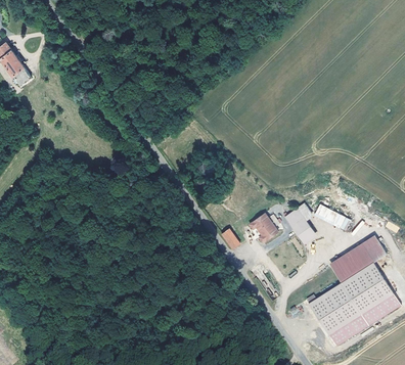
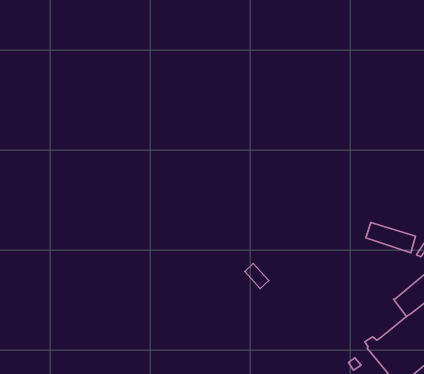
building: [283,201,312,243] -> none
building: [249,214,279,242] -> none

